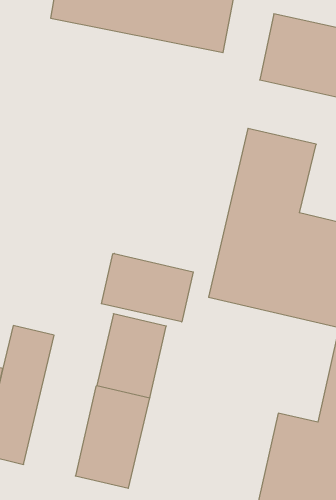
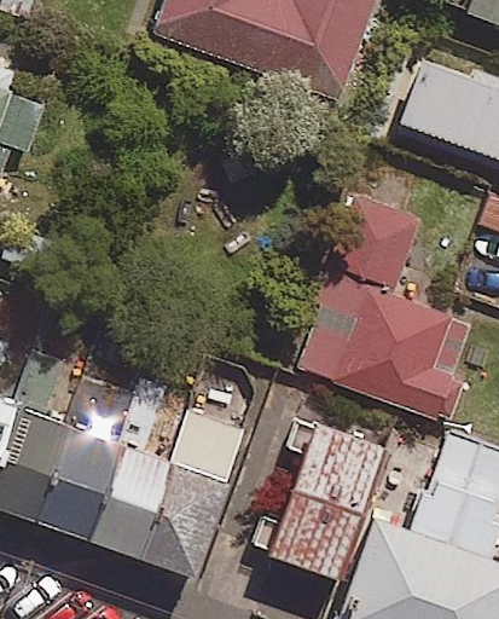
building: [101,253,193,322] -> none
building: none -> [71,380,164,553]
building: none -> [259,417,376,573]

